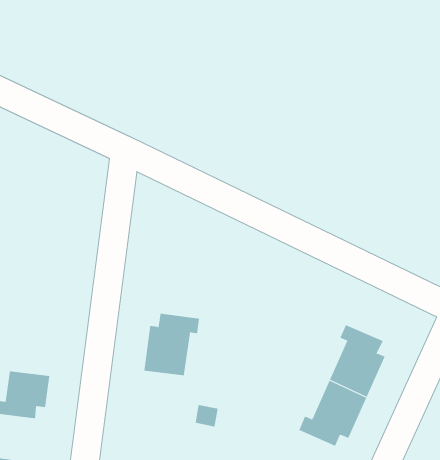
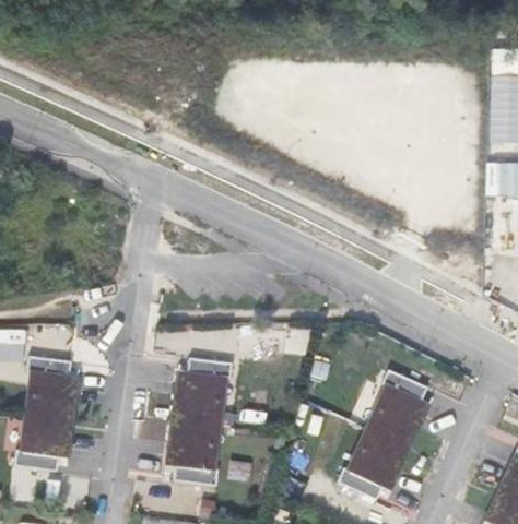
building: none -> [26,357,79,425]
building: none -> [166,419,217,486]

